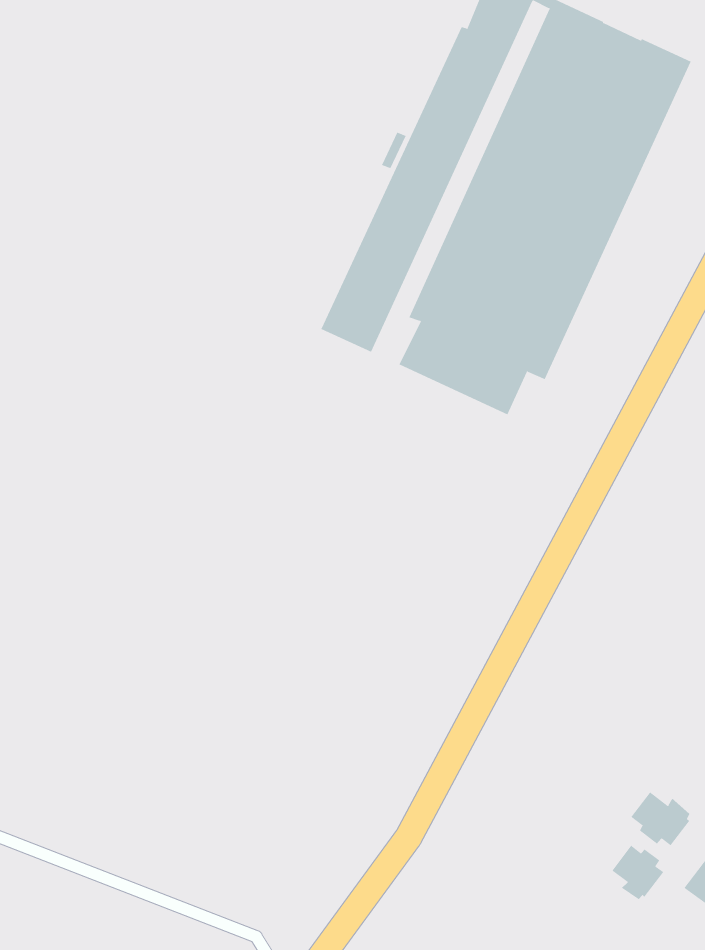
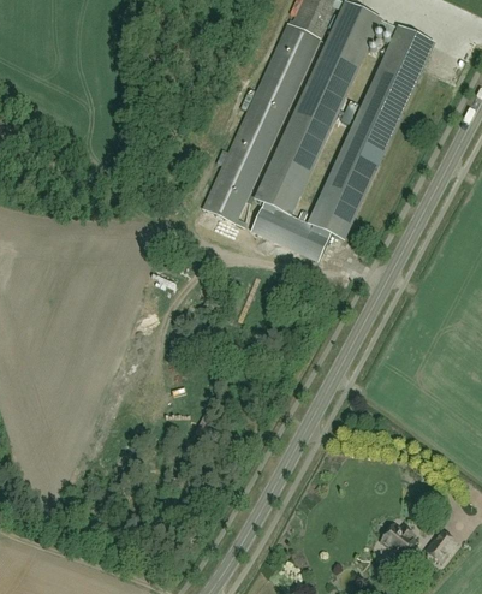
building: [630,791,690,846] -> none

